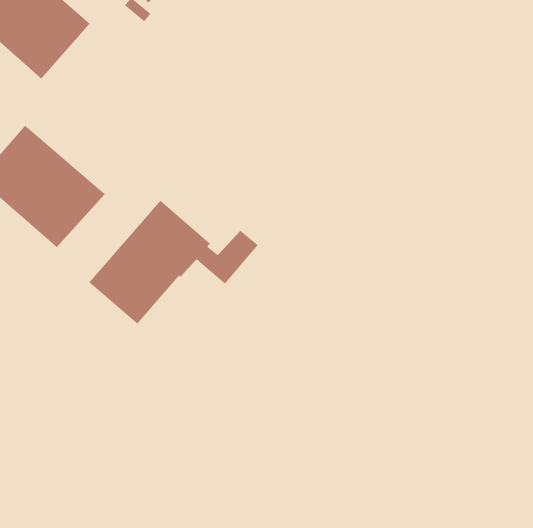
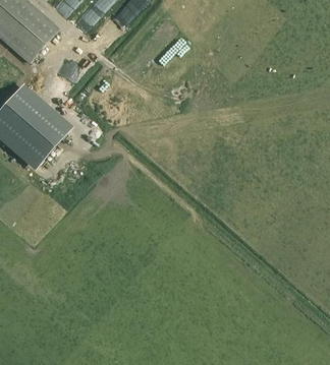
building: [89,200,259,324] -> none

